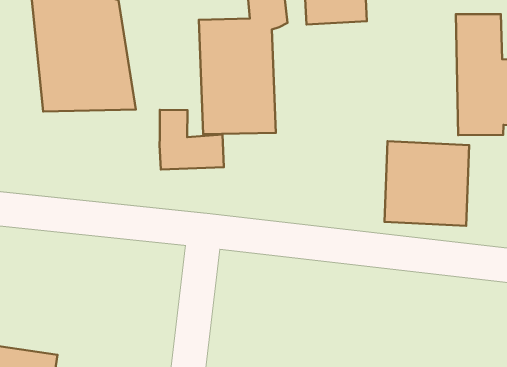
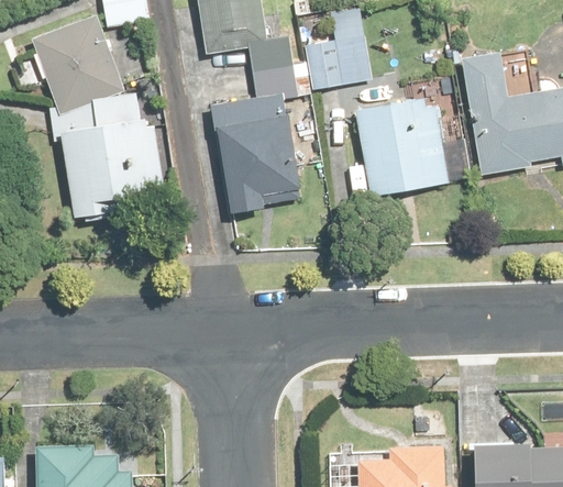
building: [159,110,224,170] -> none
building: [385,141,469,226] -> [357,104,446,191]

